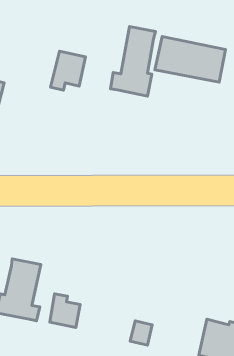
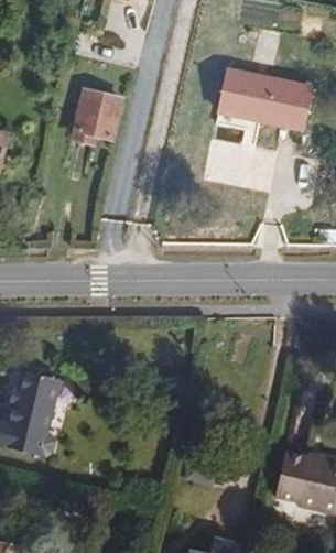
building: [110,26,156,96] -> none
building: [50,294,80,327] -> none

